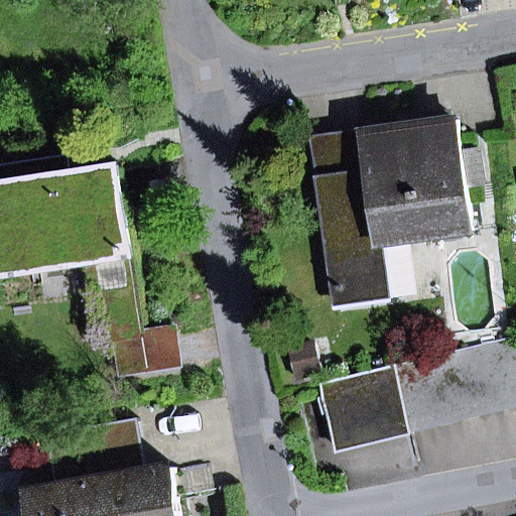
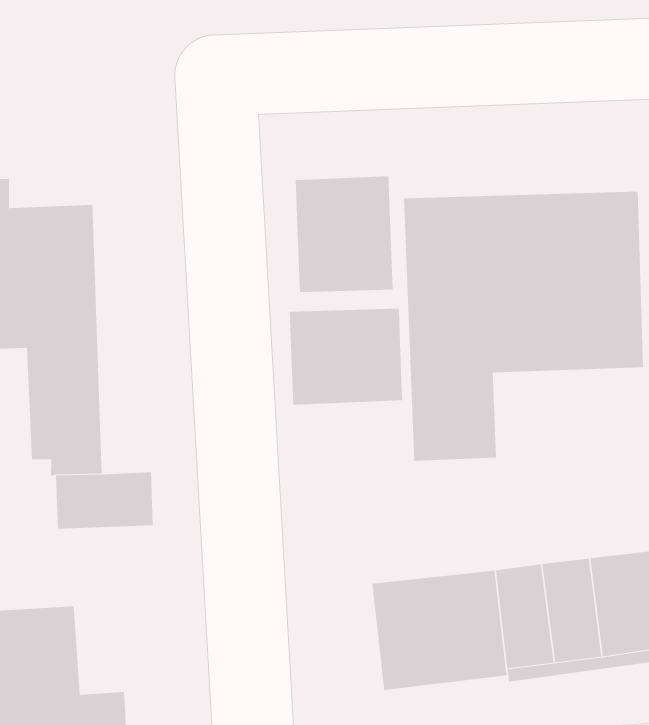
building: none -> [295,175,393,293]
building: none -> [289,308,403,406]

